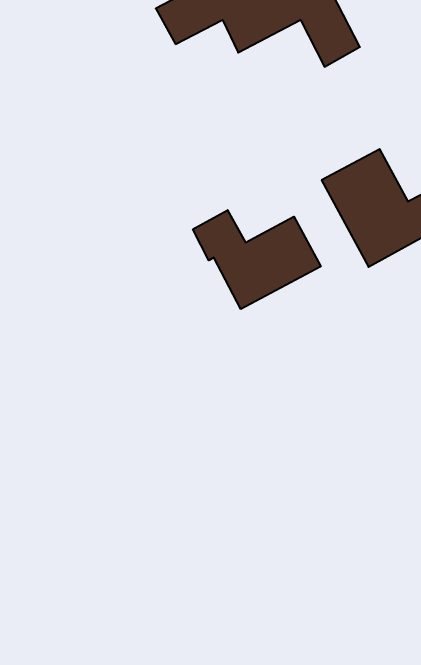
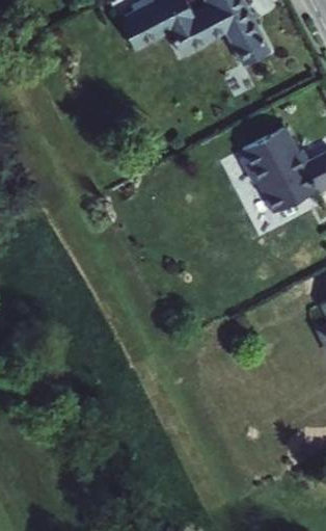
building: [193,210,321,309] -> none

